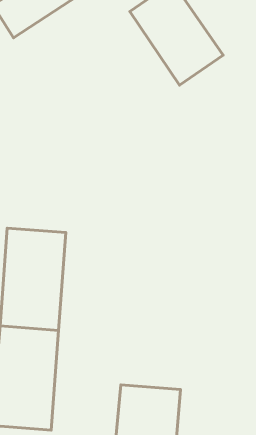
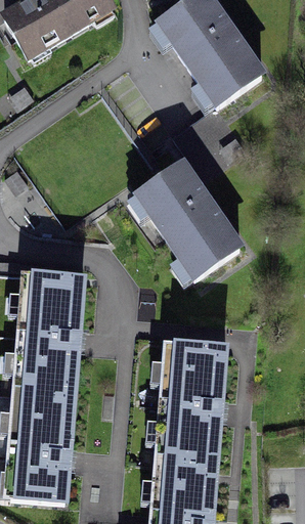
building: none -> [137,162,241,276]
building: none -> [149,333,226,452]

